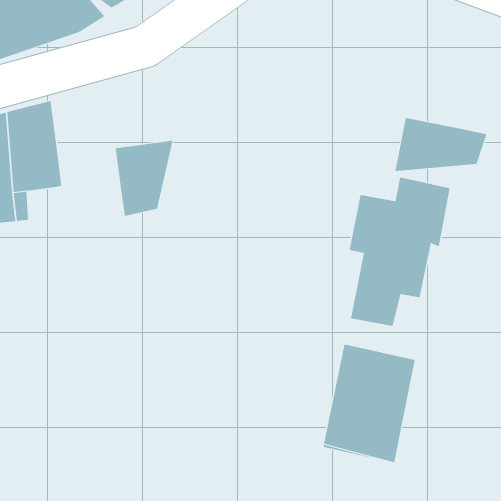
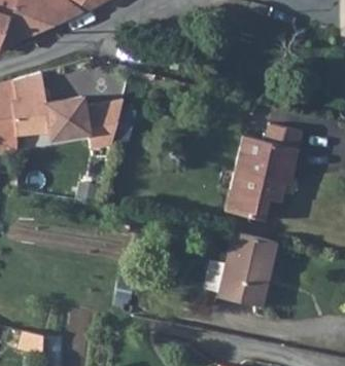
building: [395,117,487,172] -> none
building: none -> [44,100,85,141]

